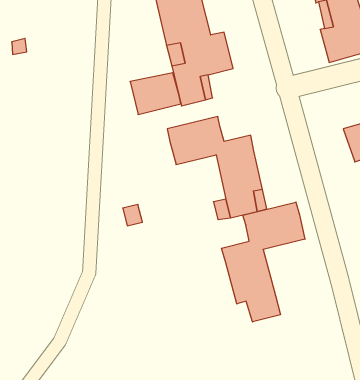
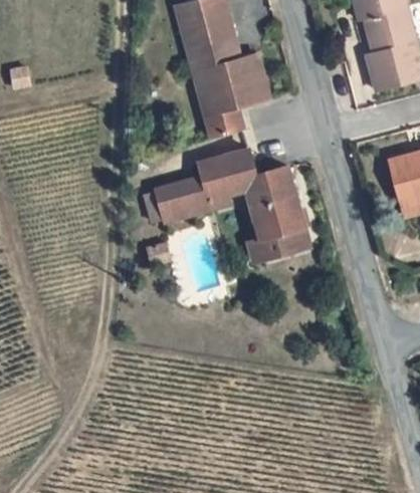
building: [130,73,181,115] -> [147,178,204,225]
building: [221,202,305,322] -> none

